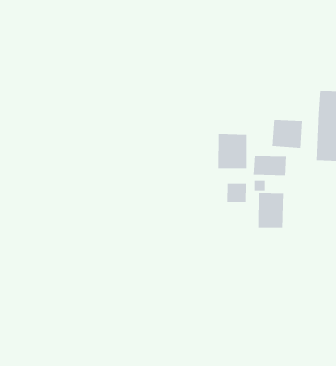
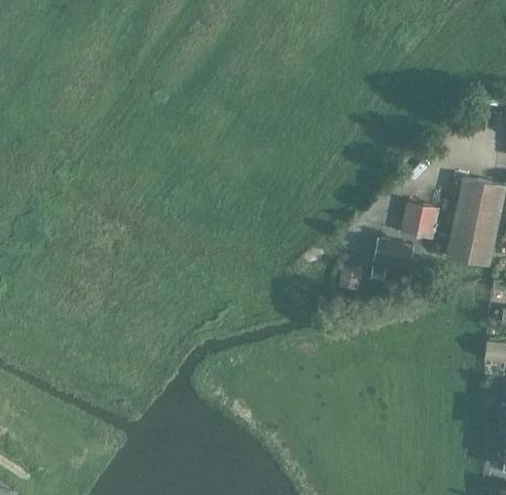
building: [218,133,247,169] -> none
building: [258,192,284,228] -> none

